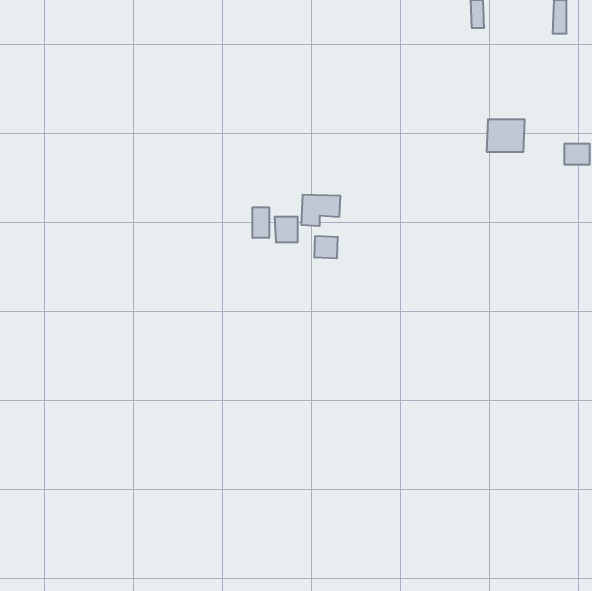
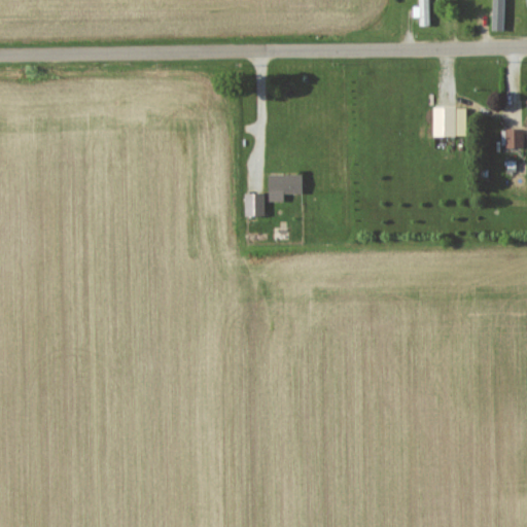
building: [253,207,269,238] -> none
building: [314,236,338,258] -> none

